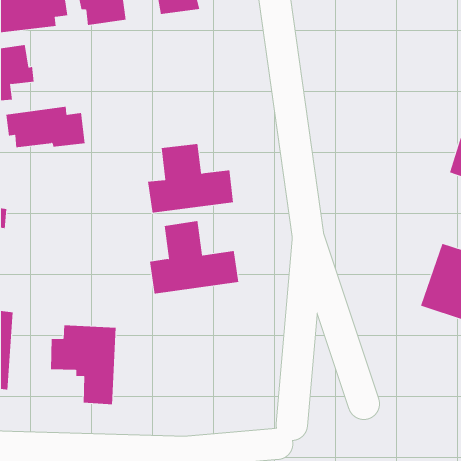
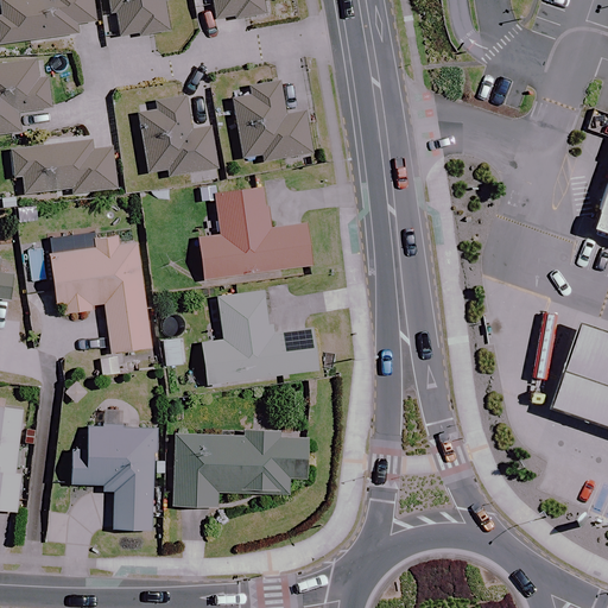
building: none -> [234,82,315,160]
building: none -> [139,97,218,175]
building: none -> [49,235,152,352]
building: none -> [173,432,308,506]

